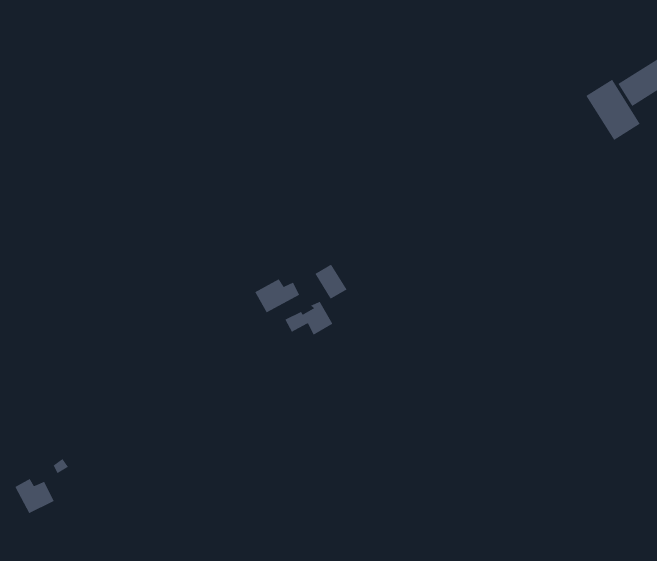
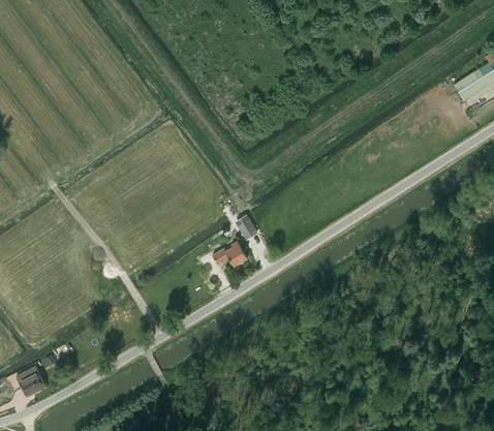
building: [586,79,640,141] -> none
building: [255,279,300,313] -> none

